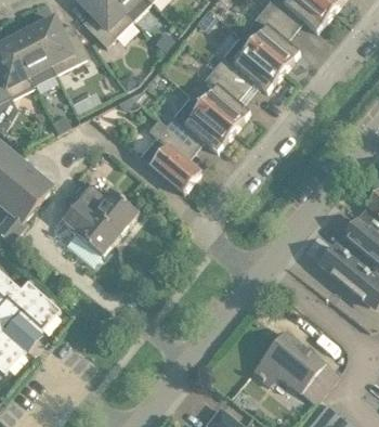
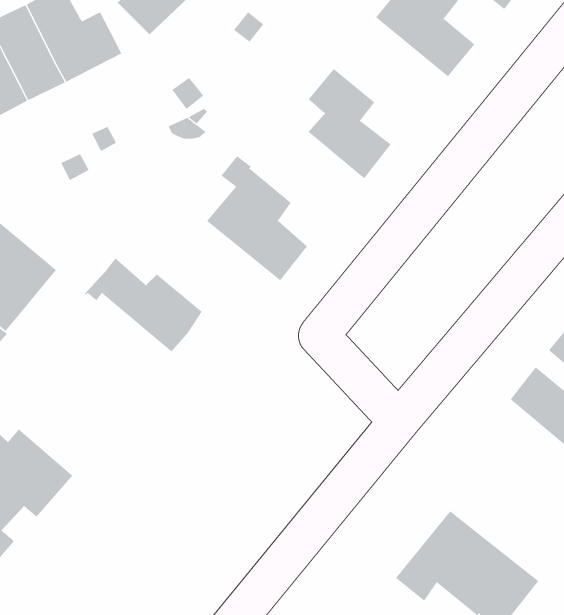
building: [214,37,283,92] -> none
building: [165,98,233,153] -> none
building: [62,202,118,256] -> none

